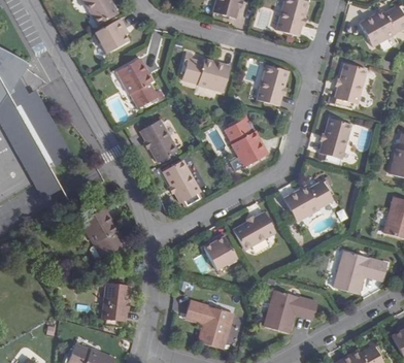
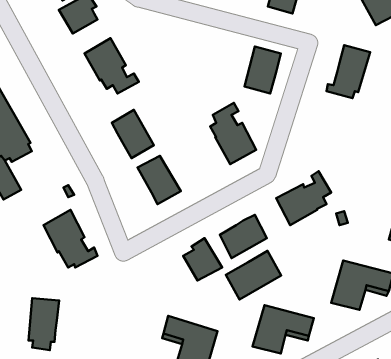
building: [181,51,230,92] -> none
building: [318,118,351,163] -> none
building: none -> [226,251,281,299]
building: [102,283,129,328] -> [29,298,59,350]

